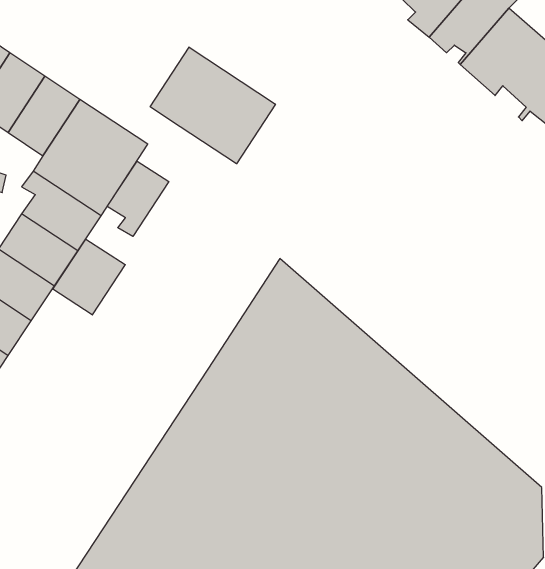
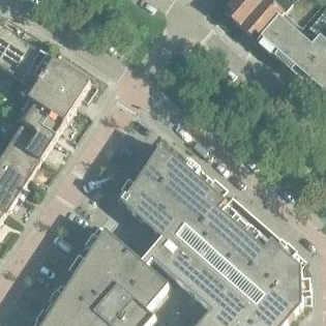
building: [150,47,275,164] -> none
building: [107,161,169,236] -> none
building: [53,239,125,315] -> none

